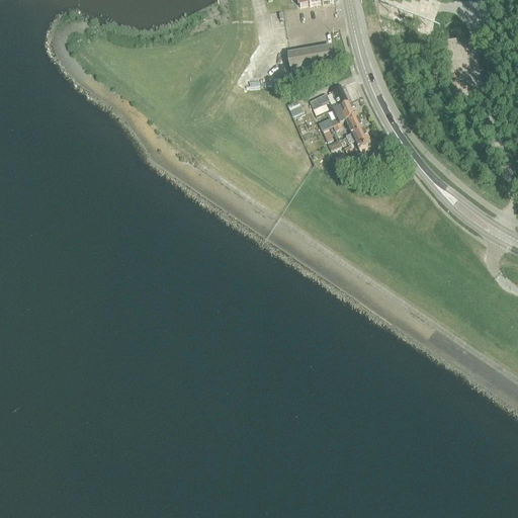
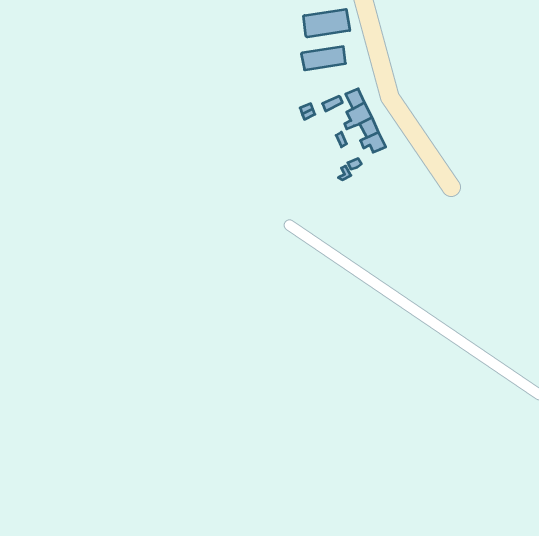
building: none -> [304,9,350,37]

